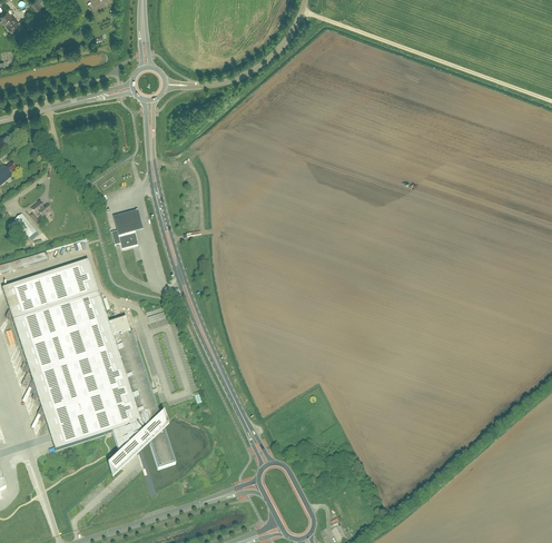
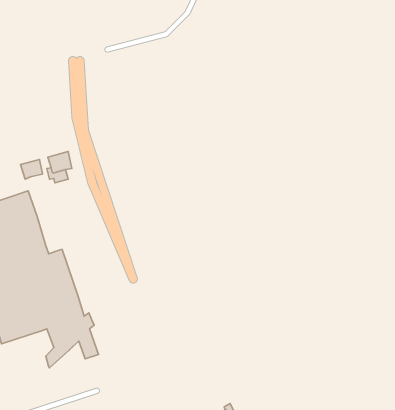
building: none -> [20,160,43,179]

